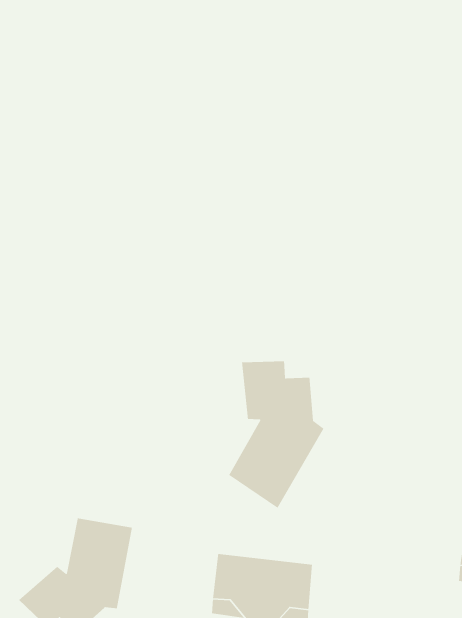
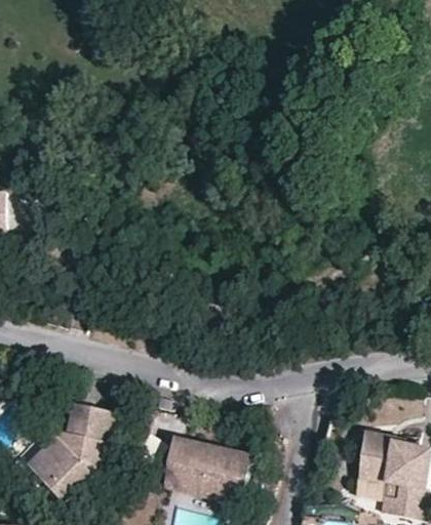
building: [228,361,325,509] -> none

